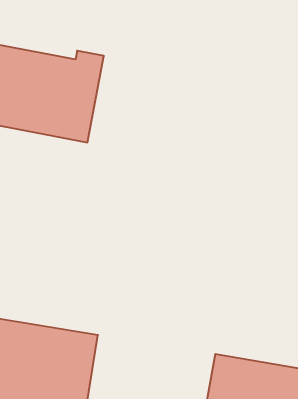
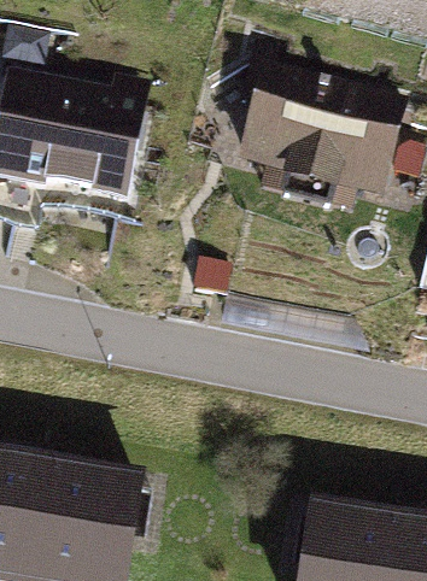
building: none -> [234,58,406,195]

